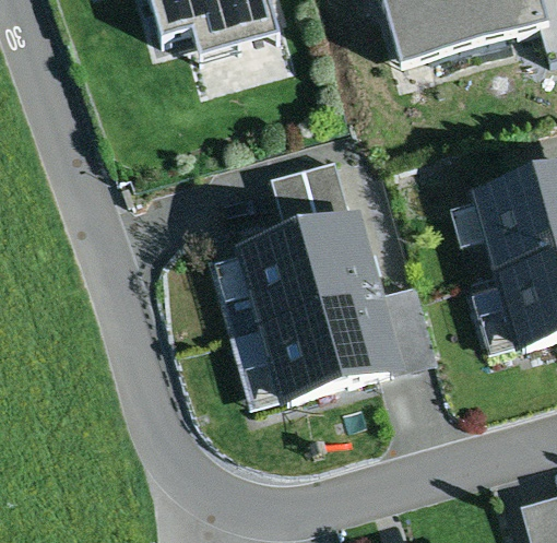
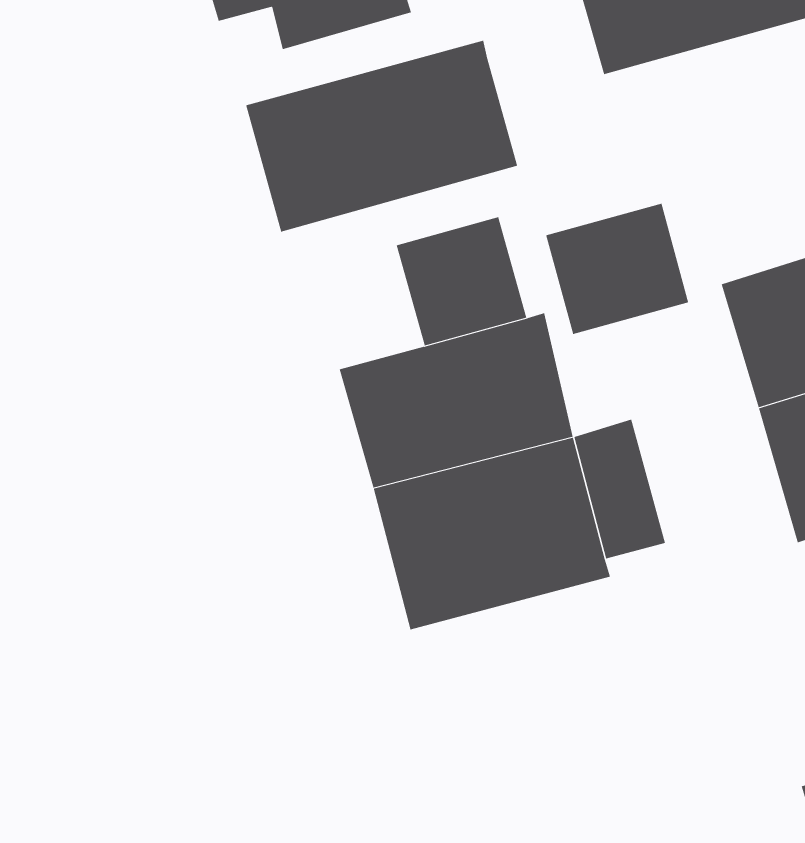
building: none -> [245,40,518,233]
building: none -> [546,203,689,335]

